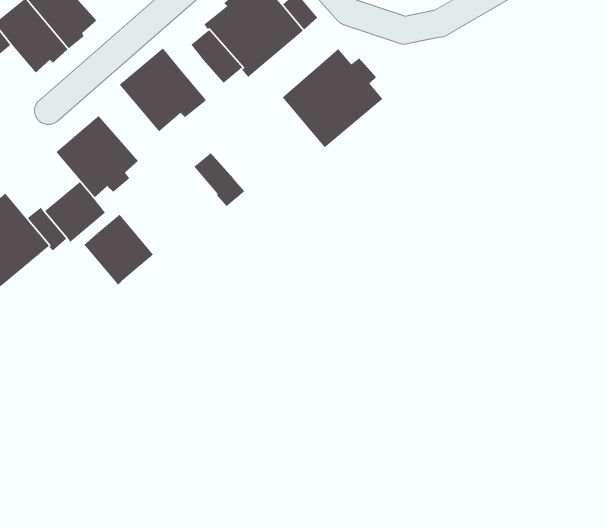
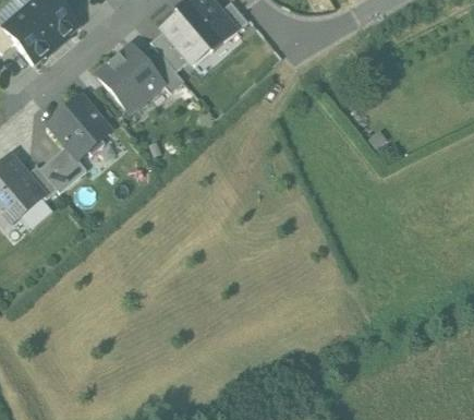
building: [282,48,383,148] -> none
building: [194,152,245,207] -> [144,51,183,93]
building: [84,214,154,286] -> none

